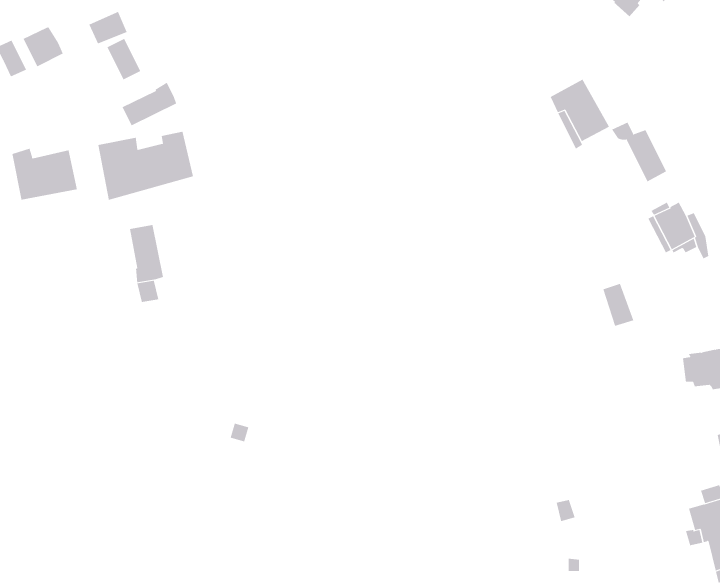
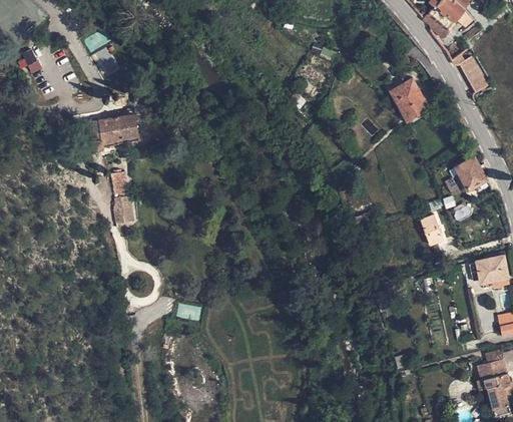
building: [23,27,64,67] -> none
building: [122,82,177,126] -> none
building: [611,122,667,182] -> [448,52,485,92]
building: [12,148,78,201] -> none

